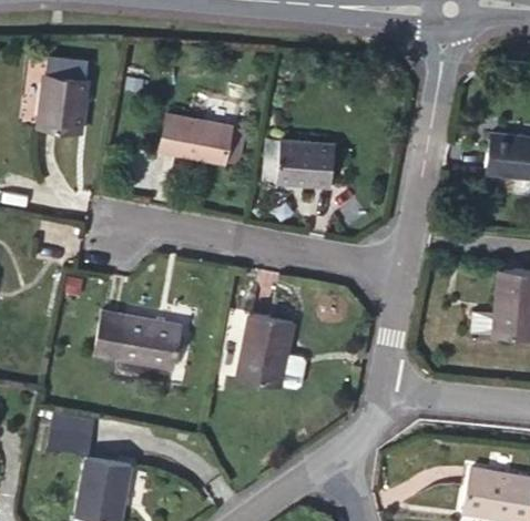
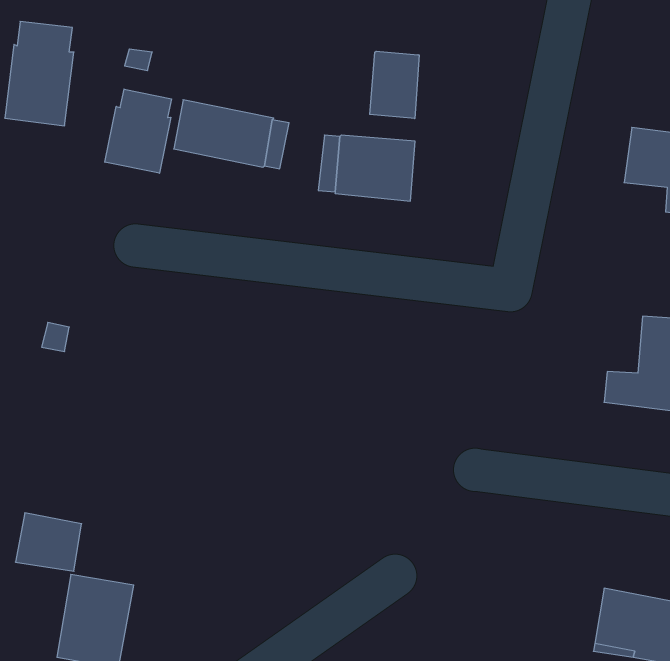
building: none -> [370,51,419,119]
building: none -> [105,89,171,173]
building: [93,310,182,369] -> none
building: [236,313,305,388] -> none

